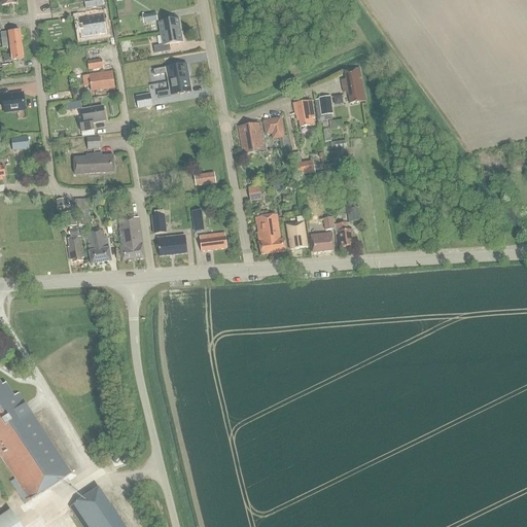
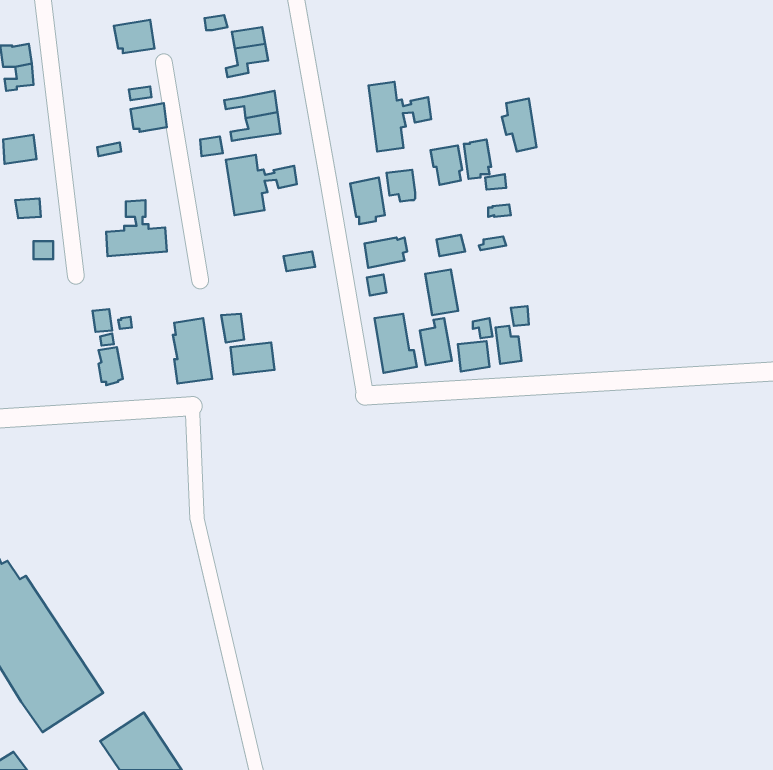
building: none -> [369,82,431,152]
building: none -> [226,155,297,215]
building: [78,106,104,131] -> none
building: none -> [364,237,407,268]
building: none -> [425,269,458,315]
building: [85,229,110,262] -> none
building: [198,231,226,250] -> none

